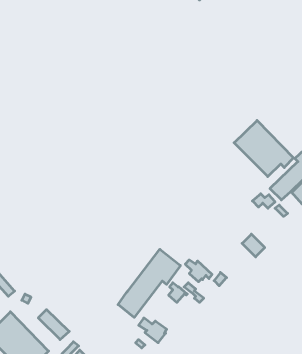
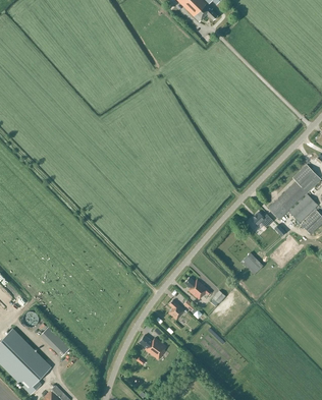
building: [234,120,293,177] -> none
building: [118,249,180,317] -> none

